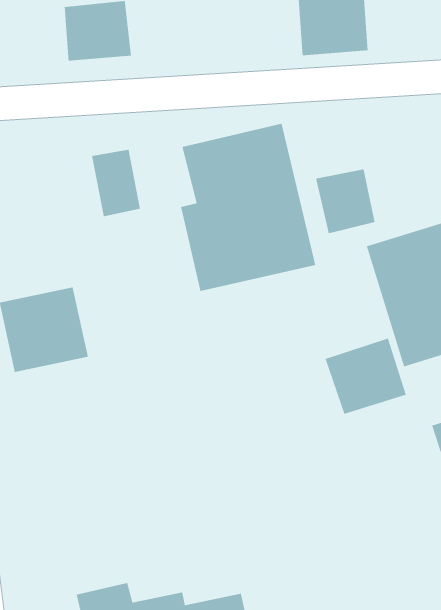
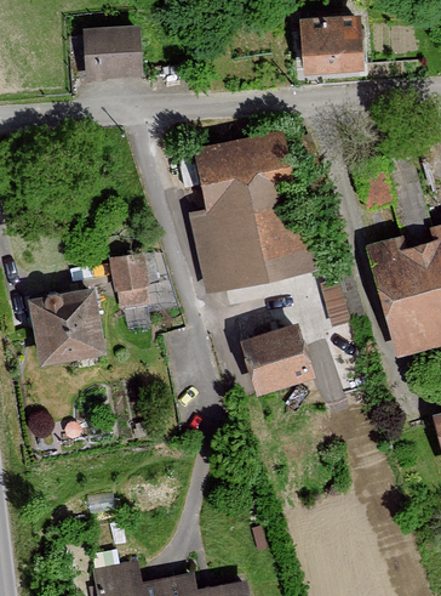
building: [91,149,141,217] -> [110,249,156,312]
building: [315,169,375,234] -> none
building: [324,338,407,415] -> [233,325,309,397]

